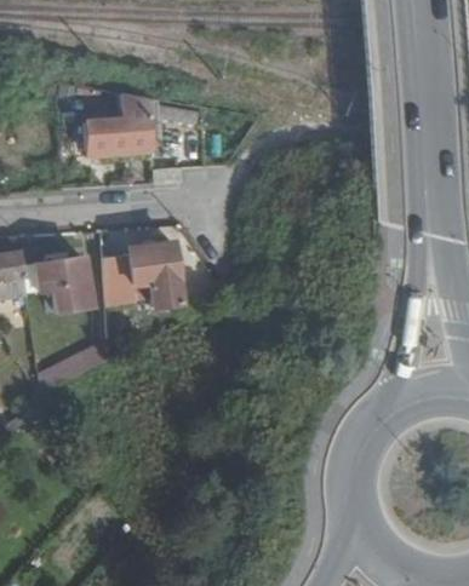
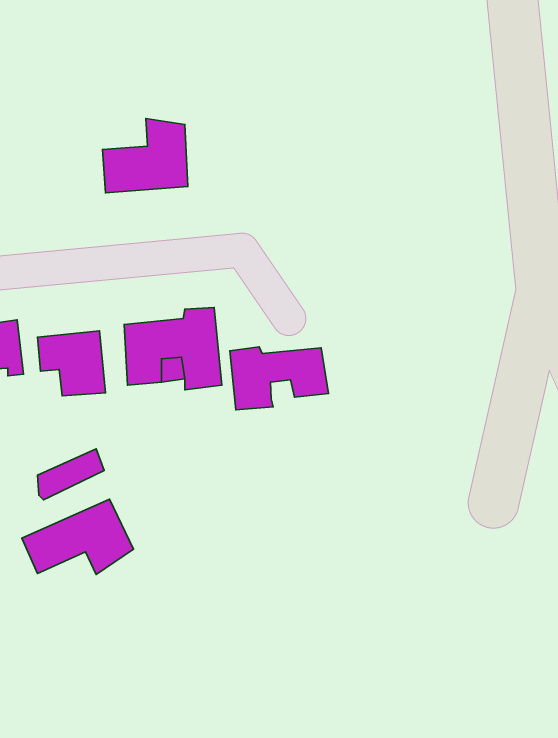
building: none -> [230,347,329,410]
building: none -> [22,499,133,574]

